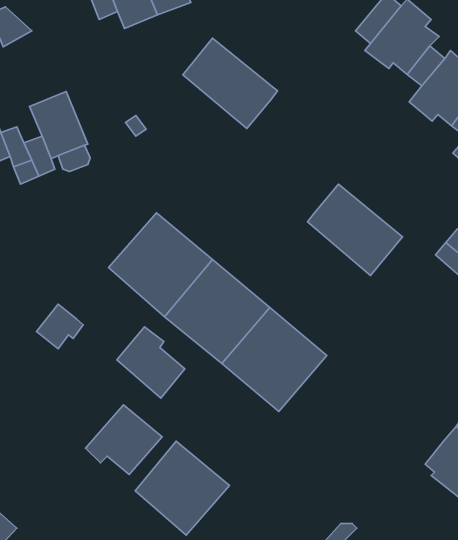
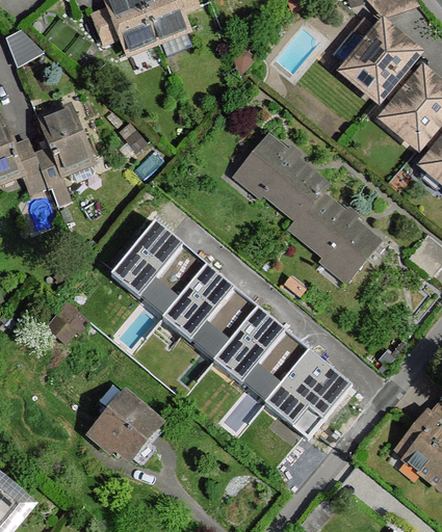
building: [183,38,278,129] -> [239,137,326,219]
building: [117,327,185,398] -> none
building: none -> [265,349,355,440]
building: [135,441,229,535] -> none

